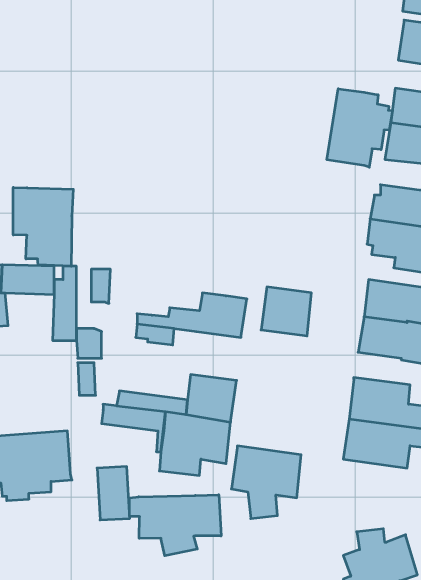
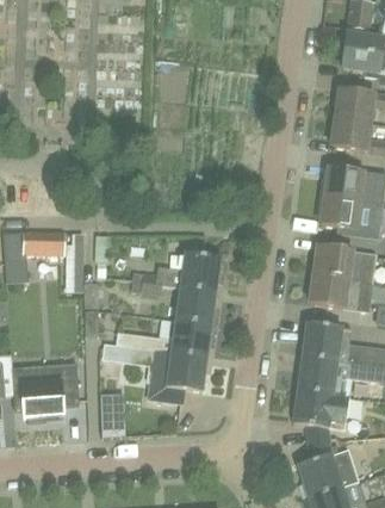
building: [327,89,392,167] -> none
building: [13,187,73,266] -> none
building: [261,287,311,336] -> [175,285,216,324]
building: [231,446,301,519] -> [293,388,349,446]
building: [129,495,221,556] -> none

